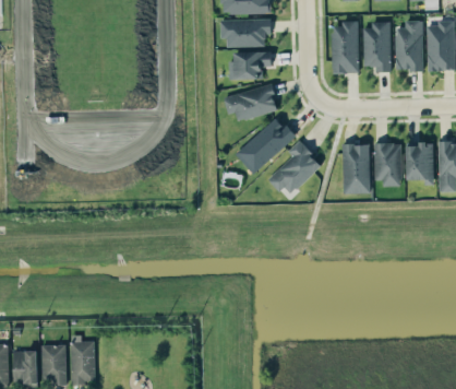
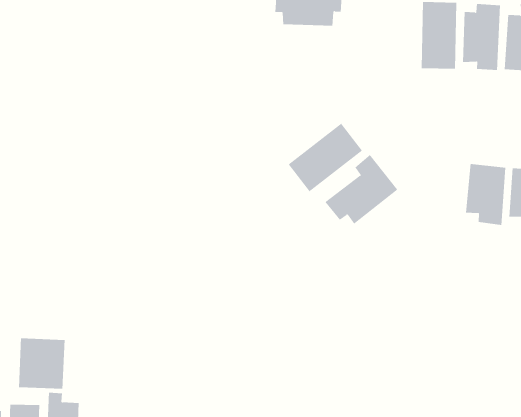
building: [228,51,272,80] -> none
building: [224,83,278,121] -> none
building: [341,143,371,193] -> none
building: none -> [18,337,65,390]

